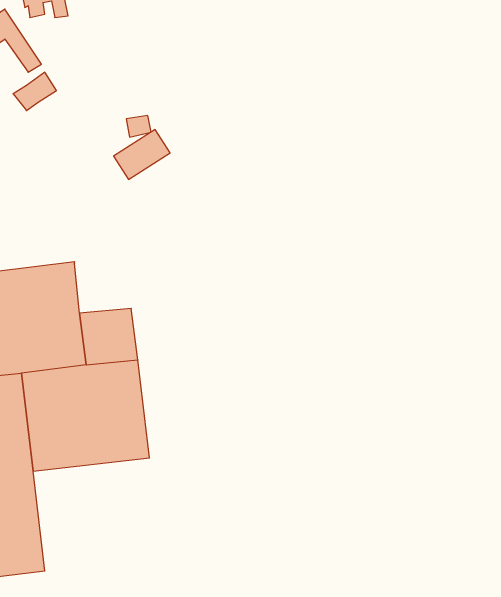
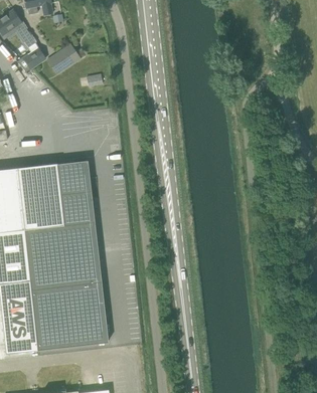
building: [114,130,170,179] -> [45,44,80,74]
building: none -> [55,161,90,194]
building: none -> [30,281,107,350]

